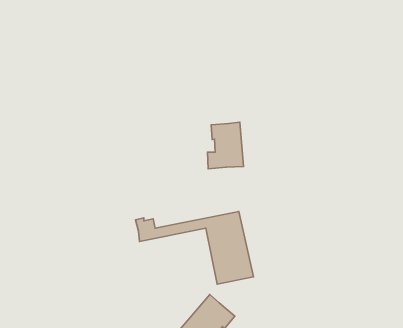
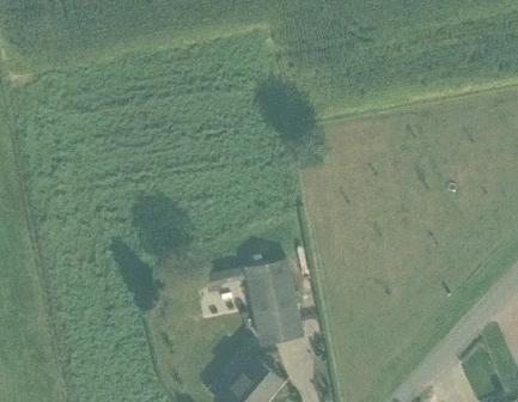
building: [208,122,243,169] -> none

